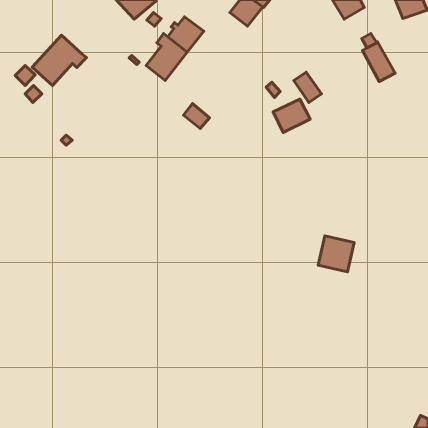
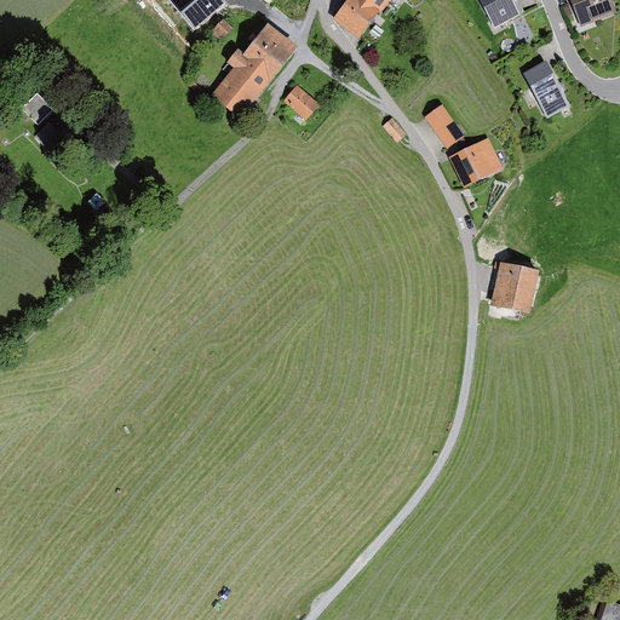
building: [32,35,87,86] -> none
building: [273,99,310,133] -> [448,138,501,186]
building: [183,103,209,129] -> [282,84,320,120]
building: [318,236,354,272] -> [489,263,541,315]

